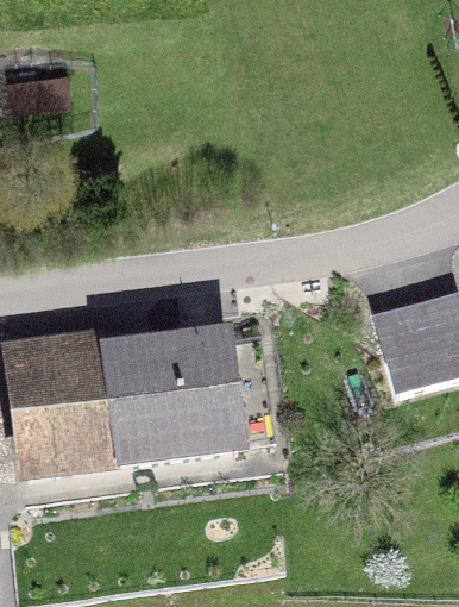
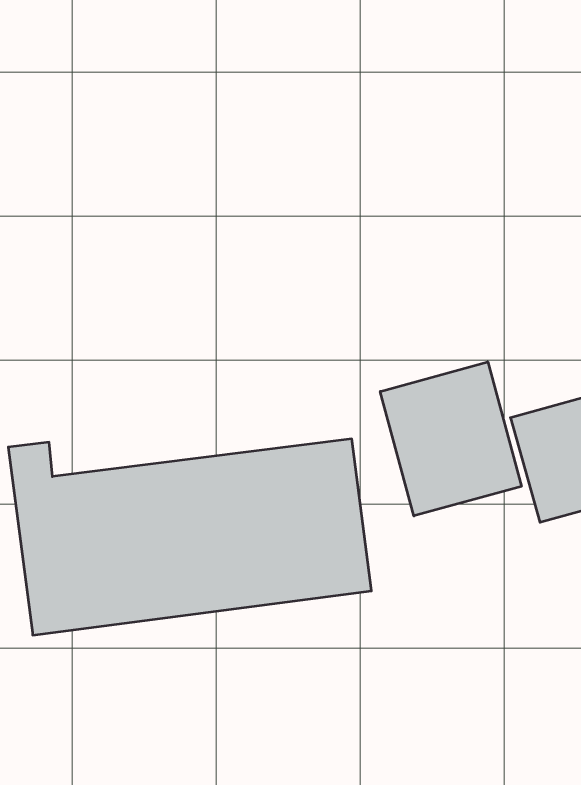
building: none -> [380,362,521,516]

